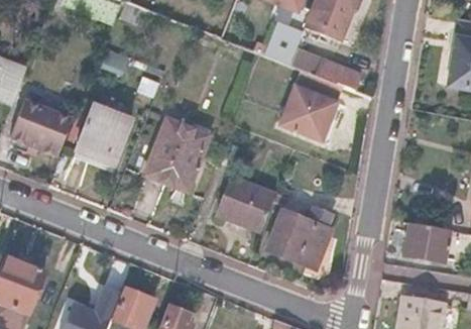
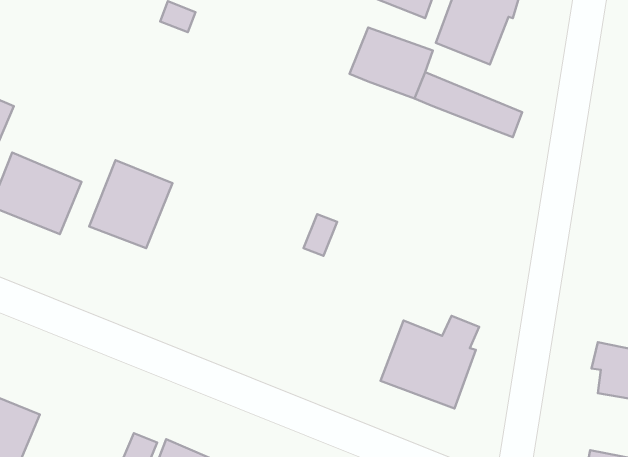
building: [280,71,343,142] -> none
building: [145,118,209,191] -> none
building: [218,178,276,232] -> none

